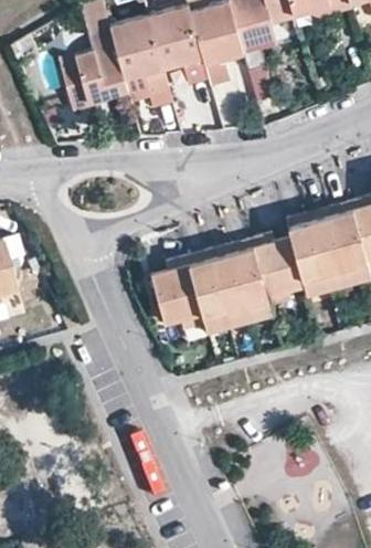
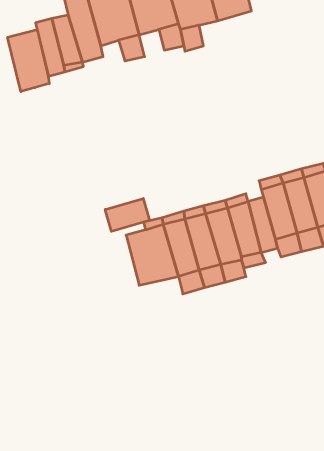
building: none -> [8,30,49,92]
building: none -> [105,198,149,231]

